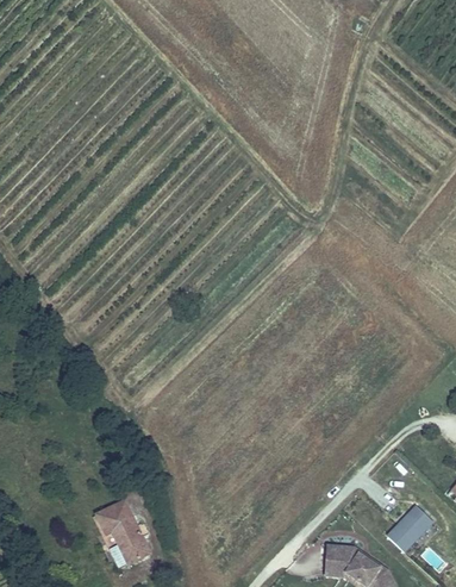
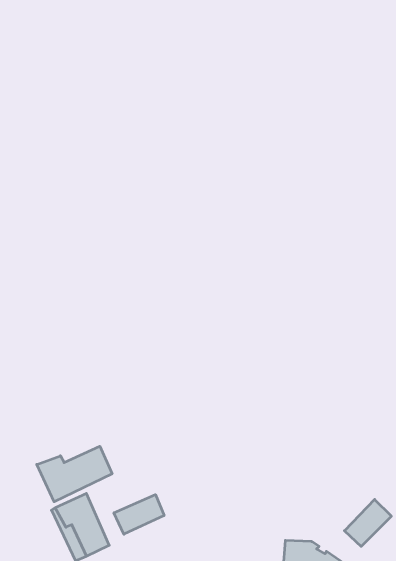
building: none -> [37,446,112,502]
building: none -> [114,495,164,534]

